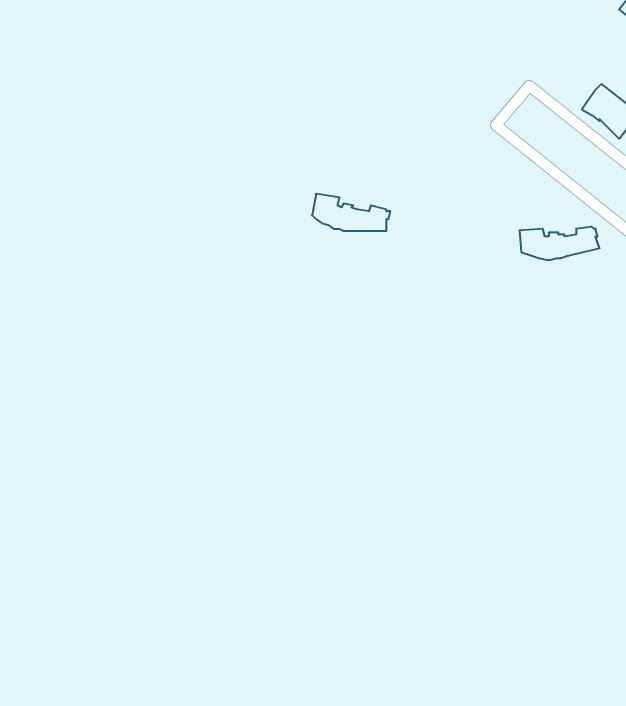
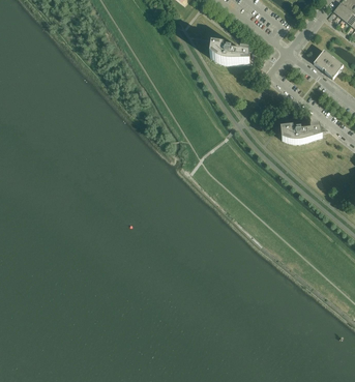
building: [312,194,390,231] -> [210,45,252,64]

